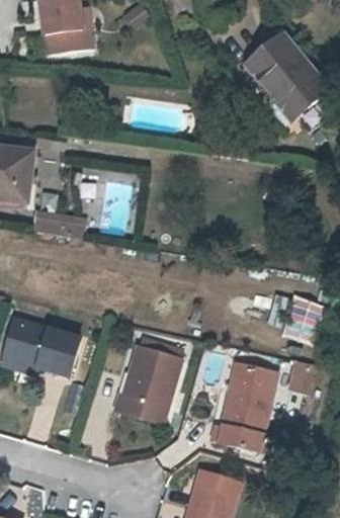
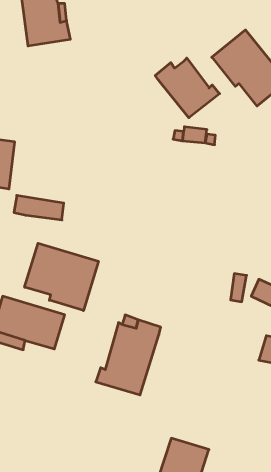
building: none -> [155,58,220,118]
building: none -> [25,243,98,311]
building: [212,361,280,451] -> none

